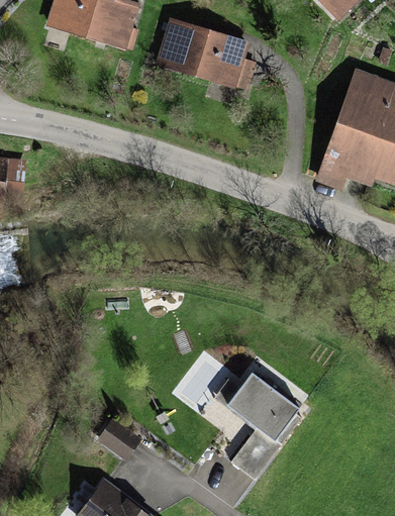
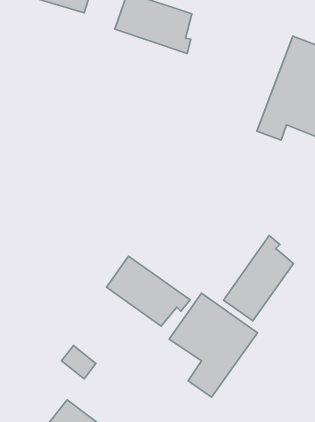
building: none -> [224,236,294,321]
building: none -> [107,256,190,326]

